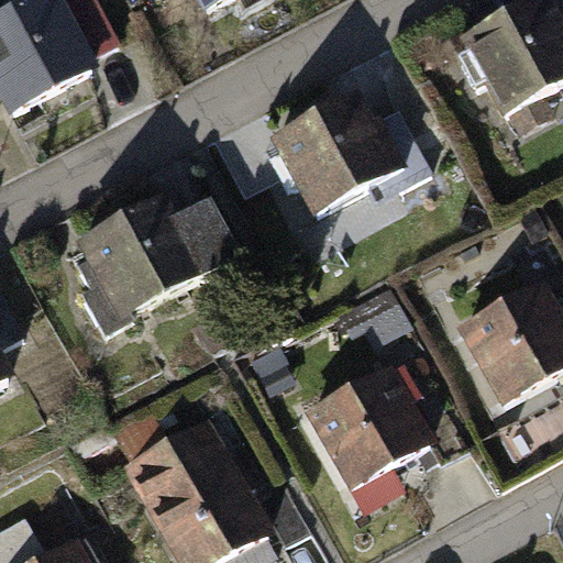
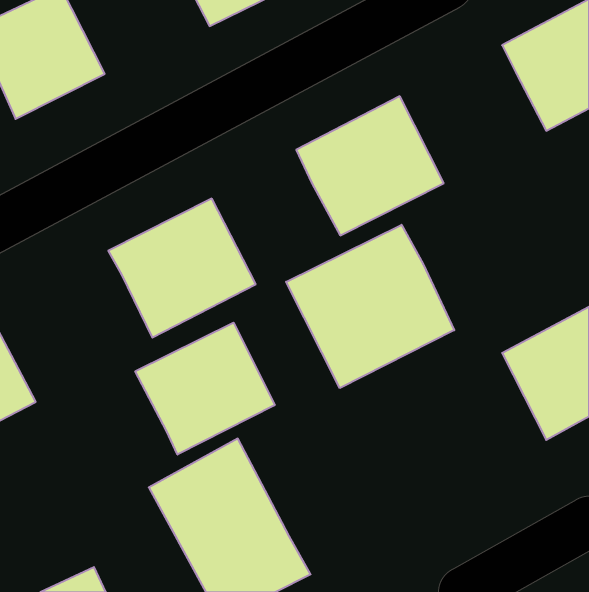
building: none -> [286,225,454,388]
building: none -> [135,323,275,455]
building: [316,360,453,488] -> none

